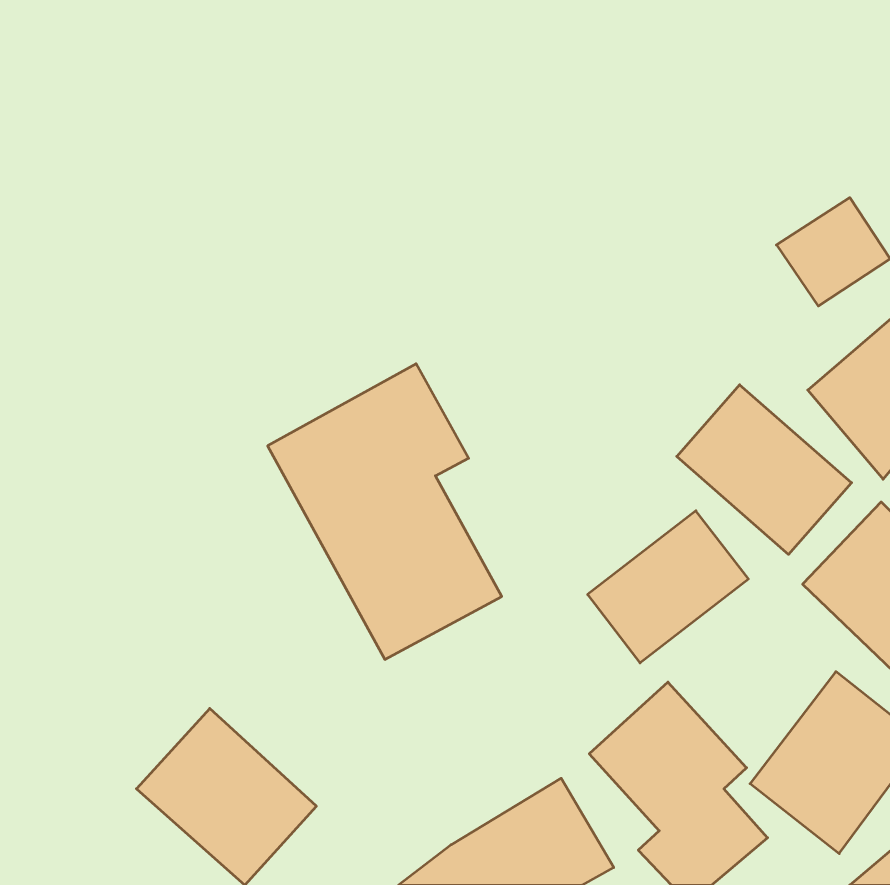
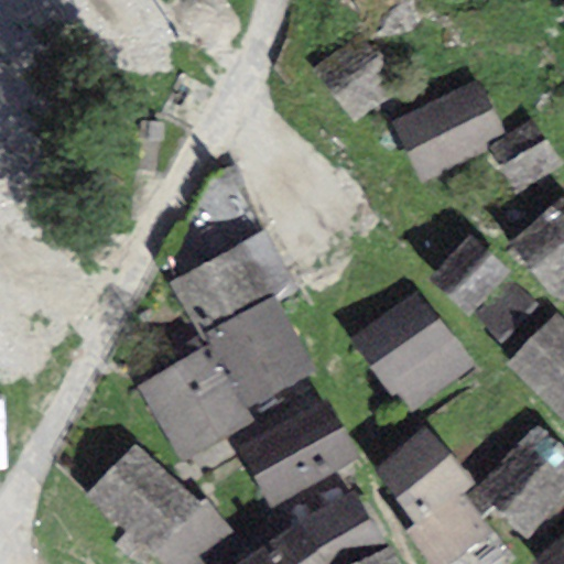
building: none -> [392,74,510,180]
building: none -> [140,347,250,459]
building: none -> [241,406,357,509]

